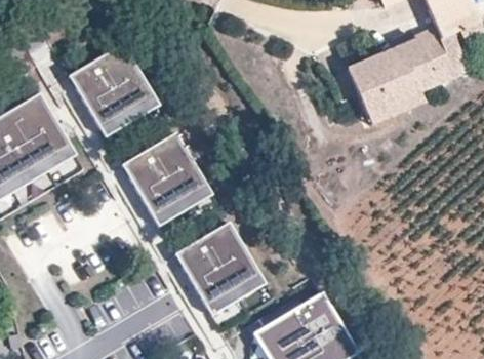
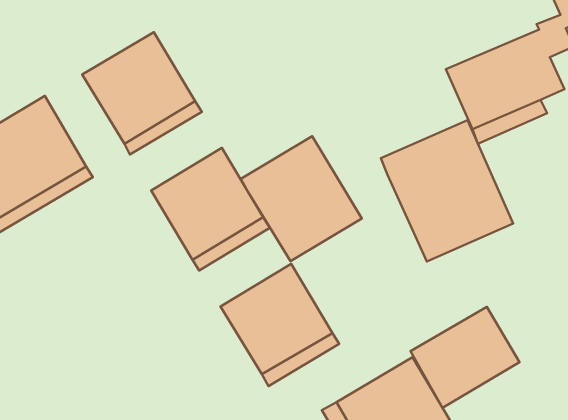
building: none -> [381,120,513,261]
building: none -> [241,136,362,261]
building: none -> [411,307,520,408]

